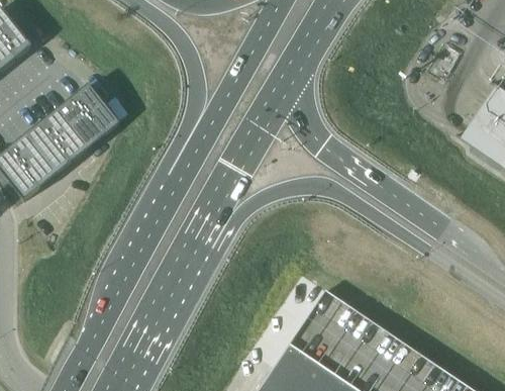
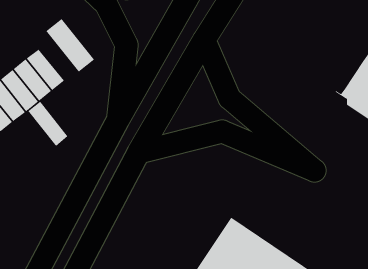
building: none -> [45,18,95,72]
building: none -> [27,101,68,147]

